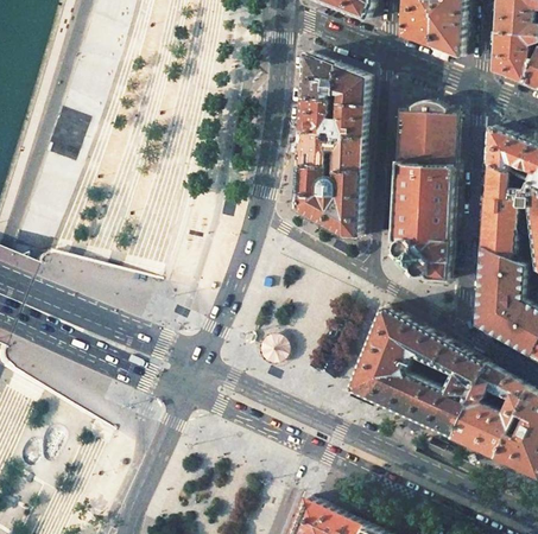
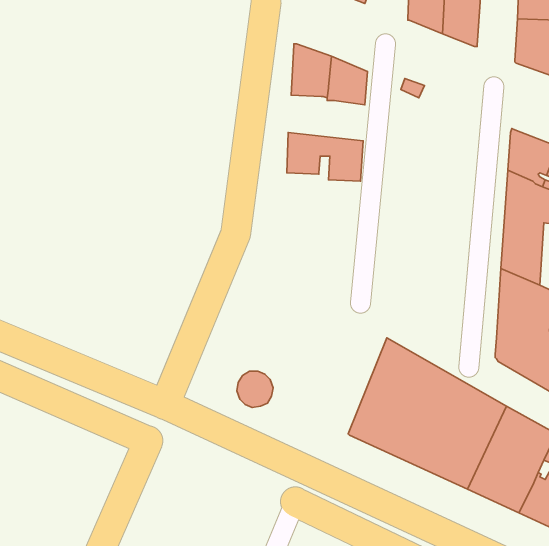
building: [298,100,363,139] -> none
building: [388,103,455,282] -> none
building: [295,166,360,239] -> none

